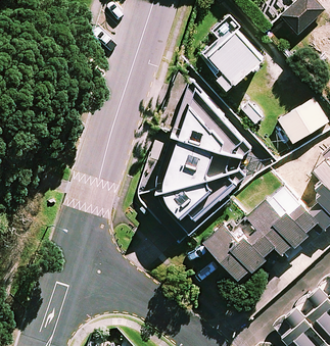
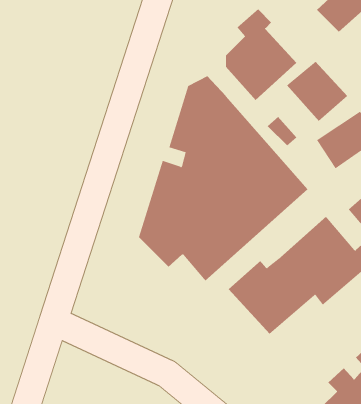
building: none -> [286,61,348,122]

